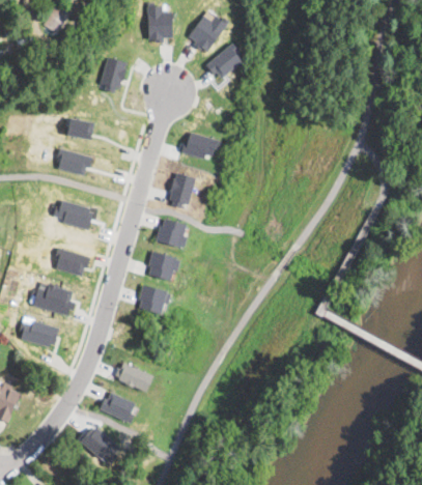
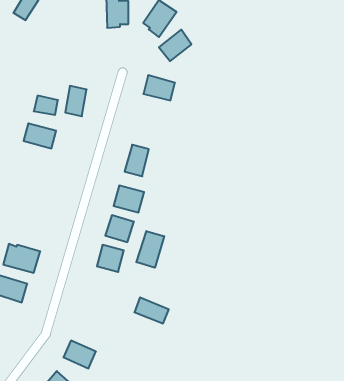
building: [101,57,124,91] -> [65,86,87,116]
building: [182,132,218,160] -> [143,75,175,100]
building: [52,200,93,228] -> none
building: [53,248,89,276] -> none
building: none -> [136,231,164,268]
building: [114,362,152,391] -> [134,297,169,323]

